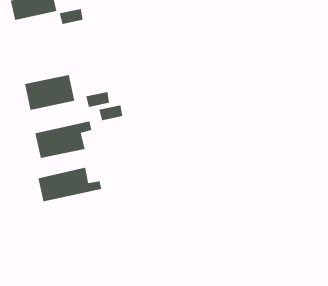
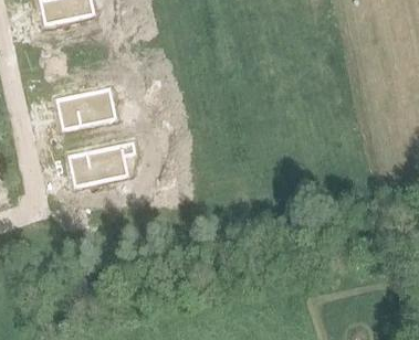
building: [38,167,102,202] -> none

